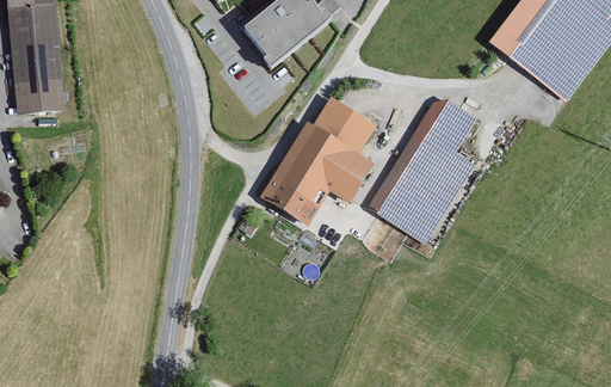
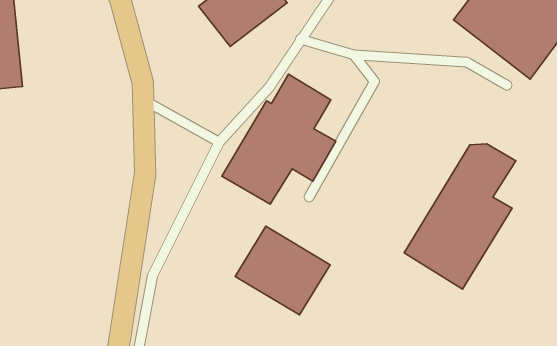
building: [370,98,480,241] -> [404,144,516,289]
building: none -> [235,226,330,315]

